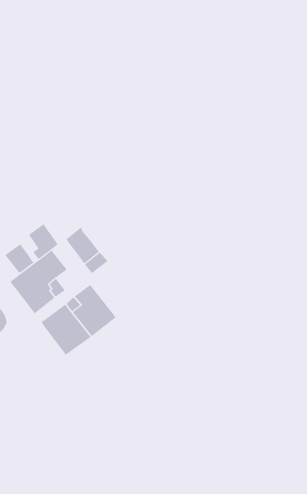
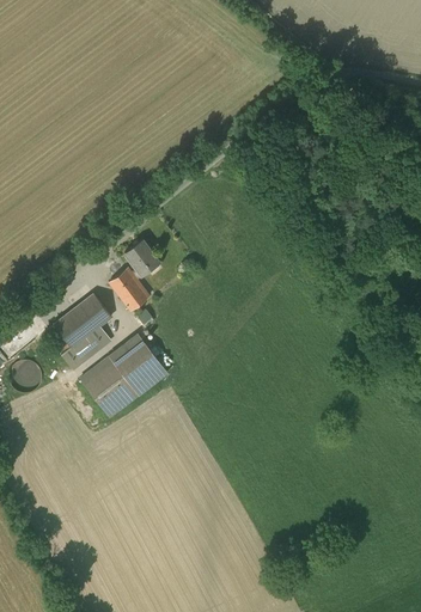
building: [28,224,58,260] -> [124,238,159,280]
building: [5,243,35,274] -> none

